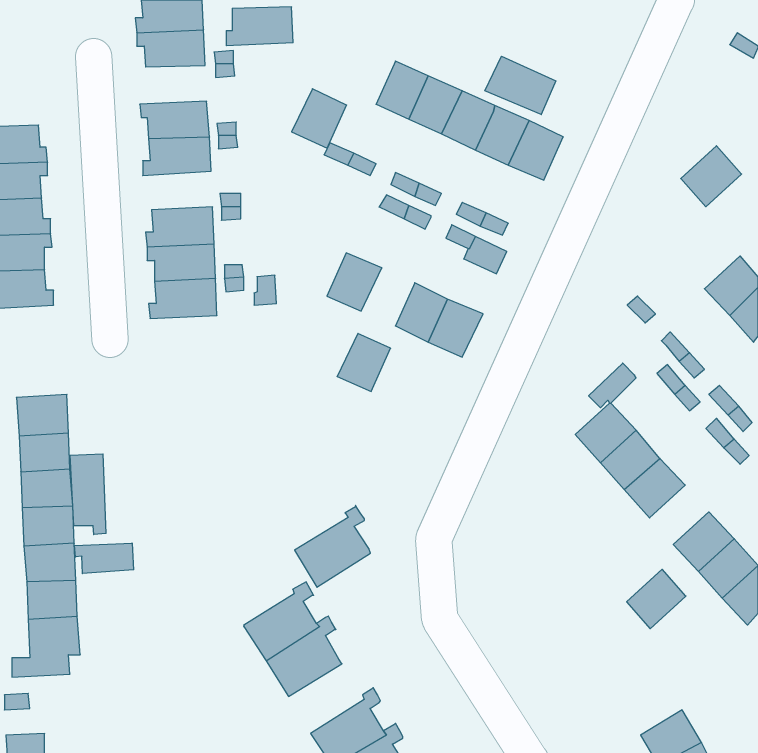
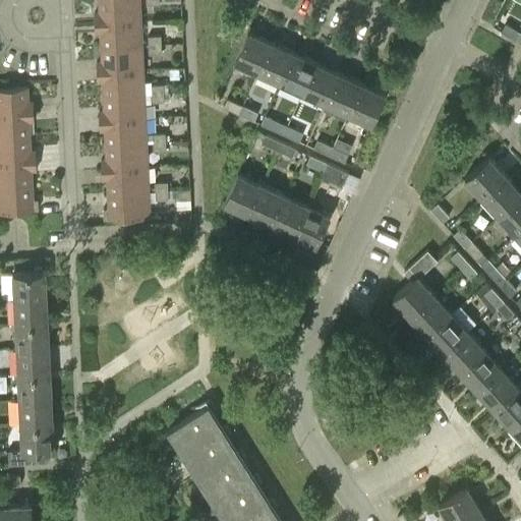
building: [226,7,293,46] -> [96,50,141,76]
building: [485,56,556,115] -> none
building: [292,89,347,148] -> [233,36,271,76]
building: [681,146,742,207] -> [465,161,507,202]
building: none -> [98,122,146,149]
building: [337,333,391,391] -> [247,188,284,228]
building: [70,454,106,535] -> none
building: [295,505,370,587] -> [197,451,249,507]
building: [74,543,134,574] -> none
building: [627,569,686,629] -> [445,337,485,378]

